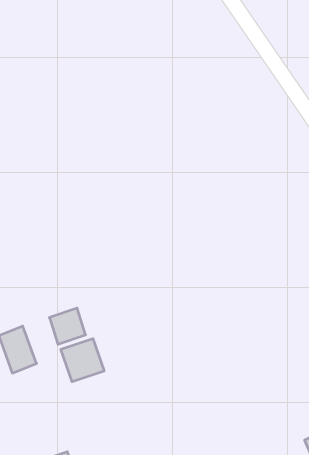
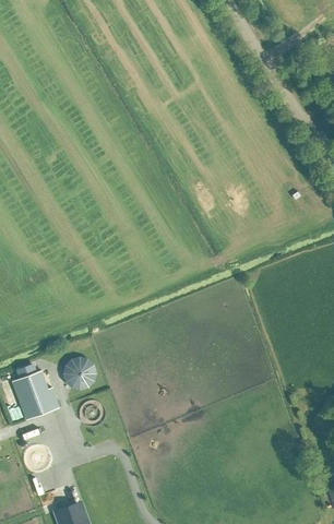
building: [61,339,104,382] -> none

